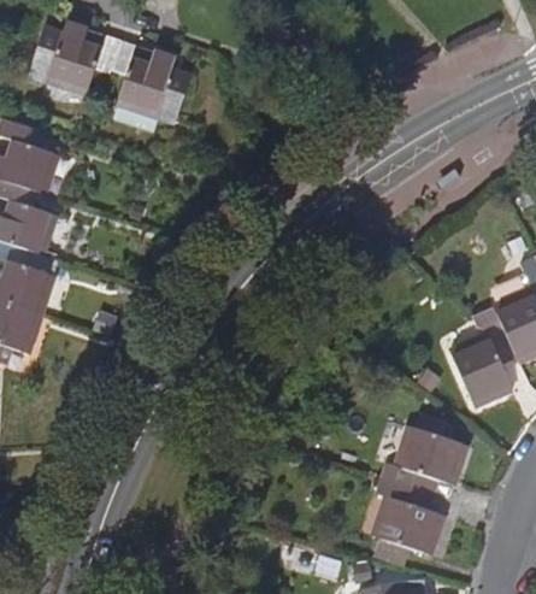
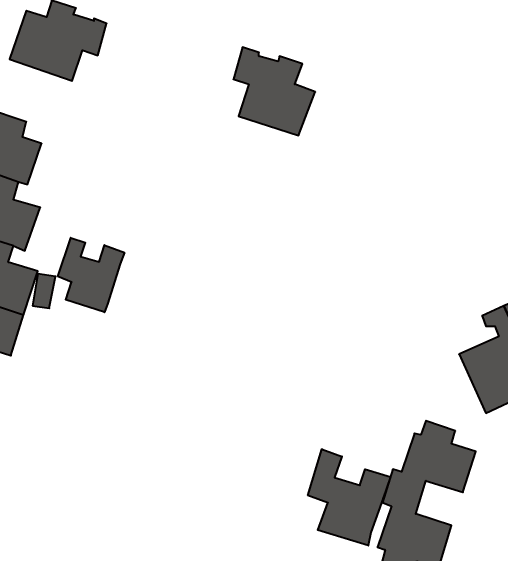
building: [111,40,188,123] -> [233,47,315,135]
building: none -> [58,238,124,312]
building: none -> [308,449,390,546]

